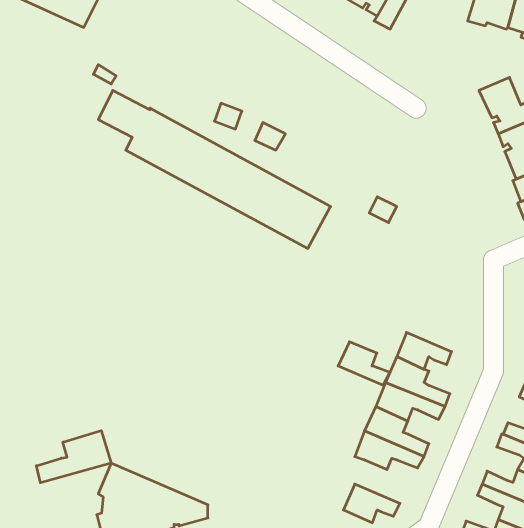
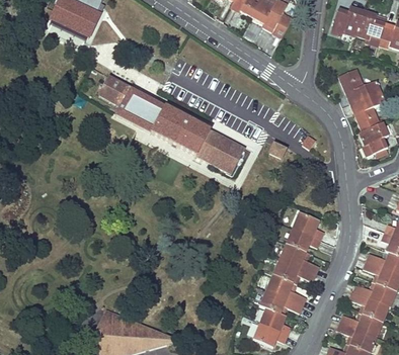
building: [338,342,390,385] -> [292,211,324,239]
building: [36,431,111,483] -> none
building: none -> [259,306,291,334]

